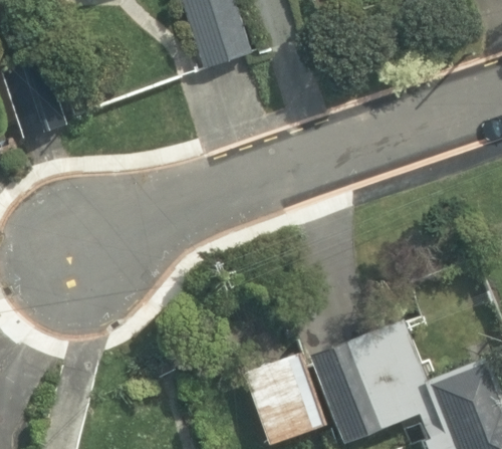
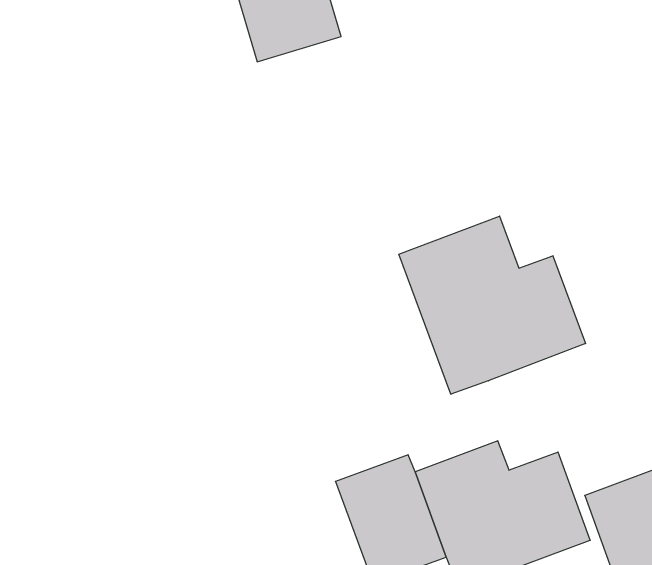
building: none -> [399,216,586,394]

